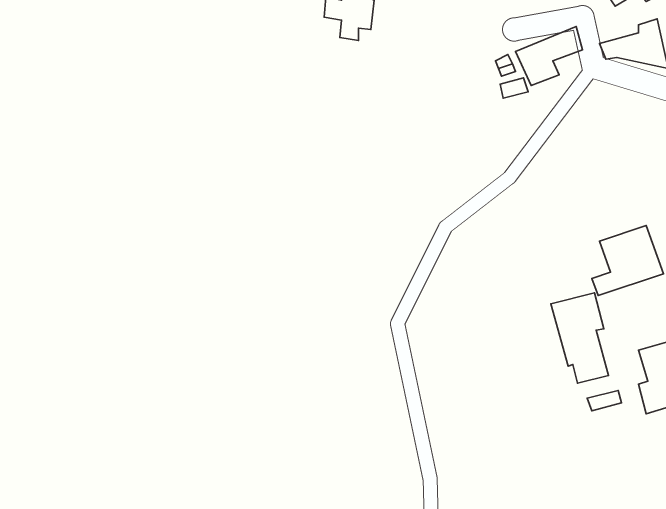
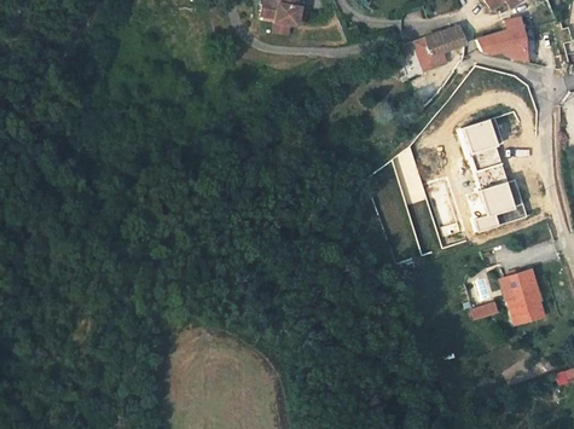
building: [551,293,608,383] -> [460,117,505,187]

